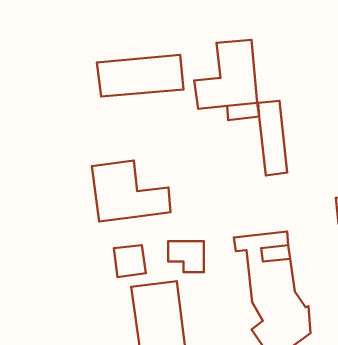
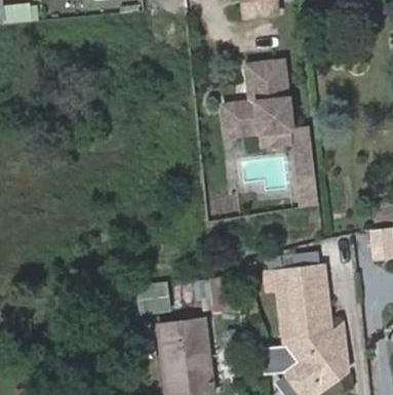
building: [97,55,183,96] -> none
building: [92,160,170,221] -> none

